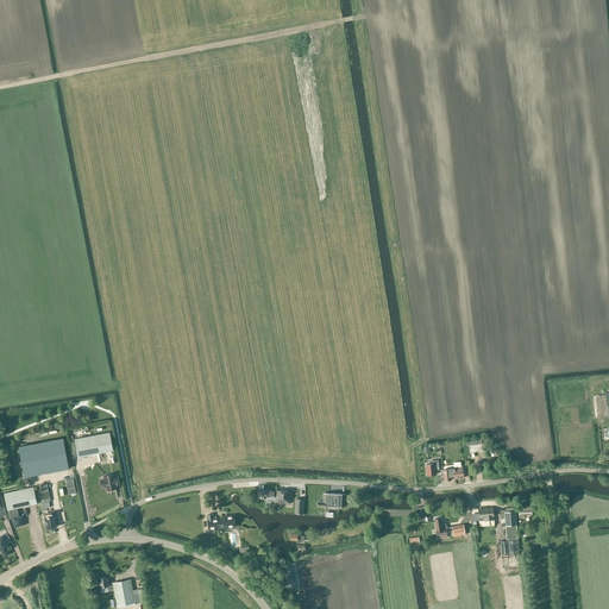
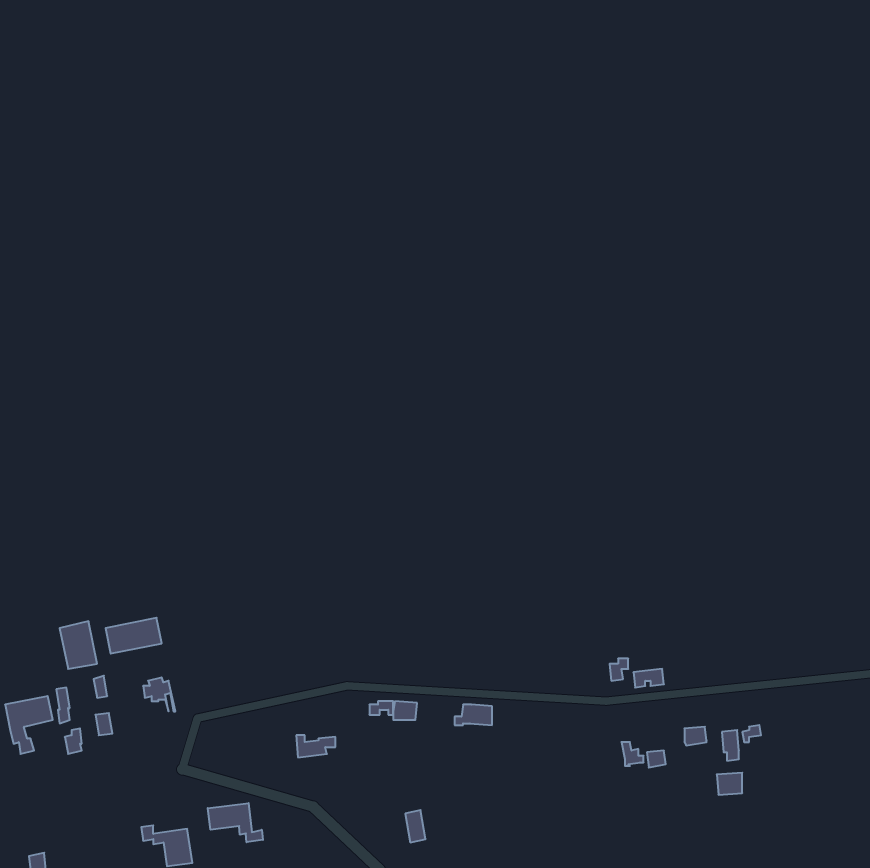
building: [21,440,48,473] -> none
building: none -> [208,803,263,842]

